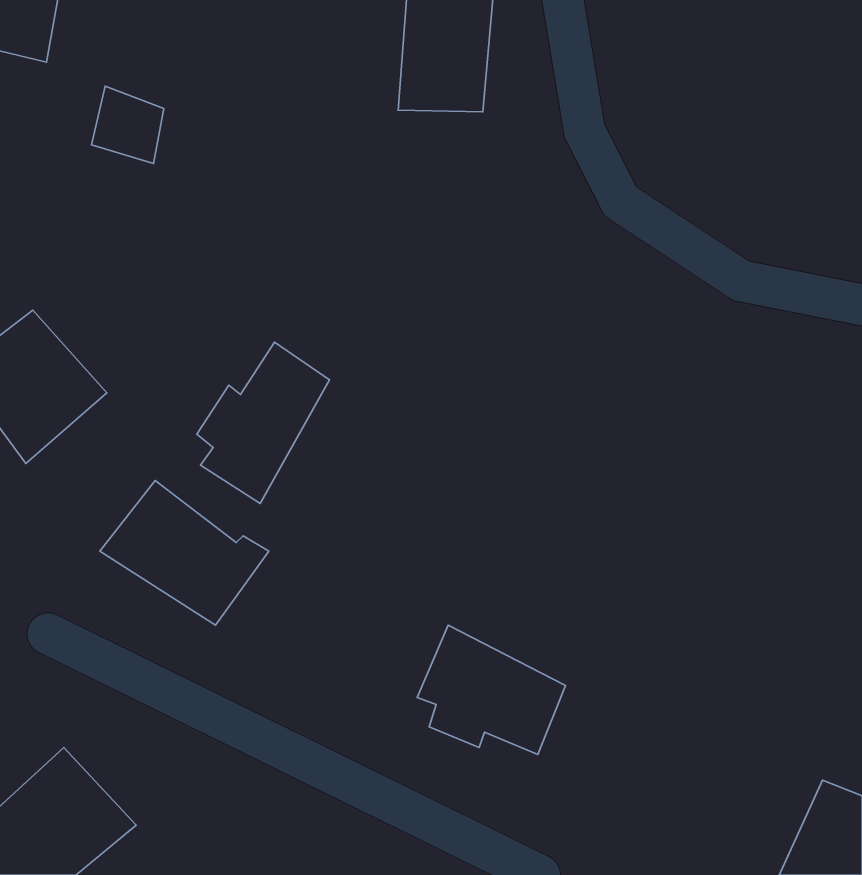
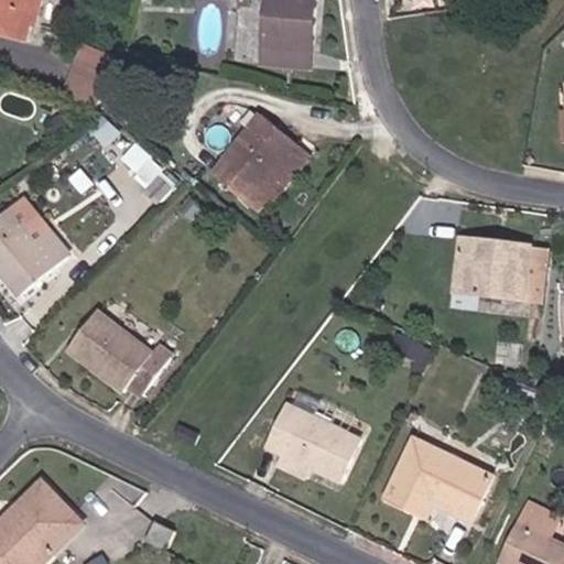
building: none -> [210,111,307,207]
building: [197,342,330,504] -> none
building: none -> [438,236,540,304]
building: none -> [383,434,496,524]

